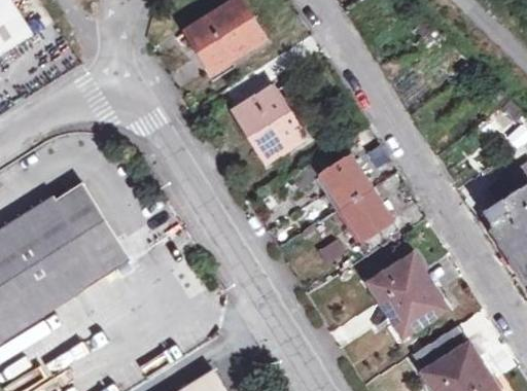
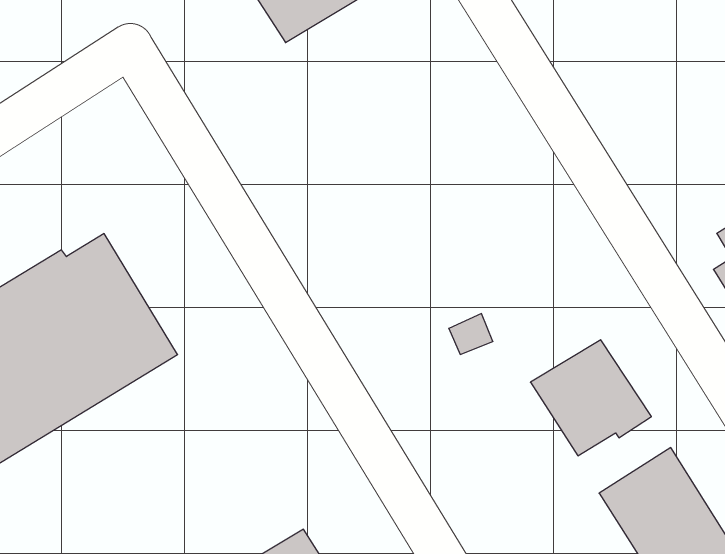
building: [234,86,296,161] -> none
building: [285,142,393,253] -> none

